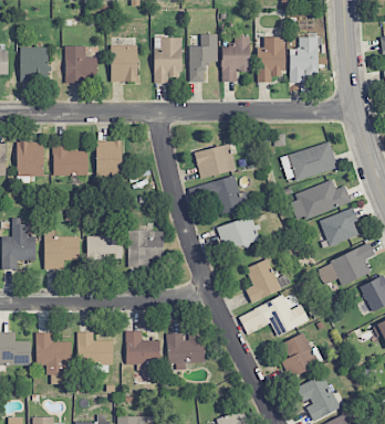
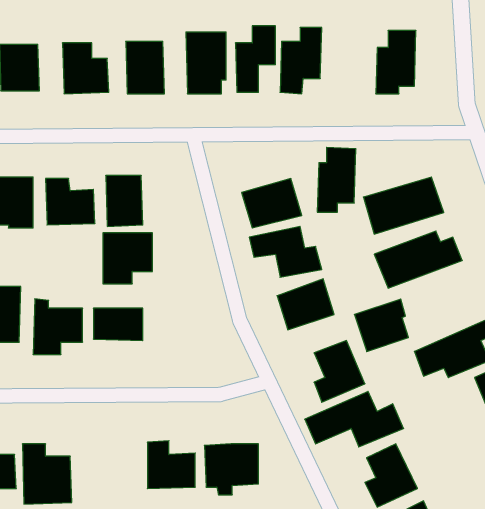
building: [257,36,284,83] -> [317,147,356,212]
building: [320,209,358,246] -> [354,299,408,352]
building: [127,231,163,267] -> [103,233,152,284]
building: [76,332,112,364] -> none

